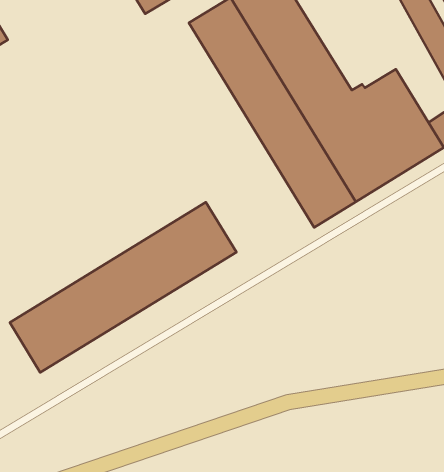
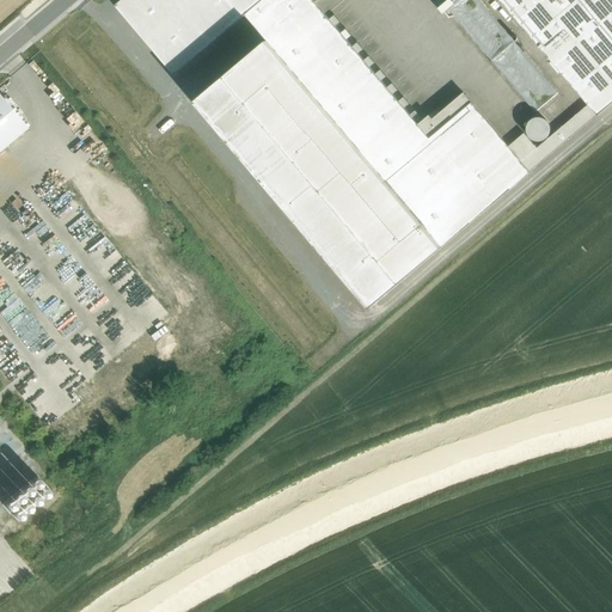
building: none -> [194,78,398,307]
building: [10,202,236,372] -> none

